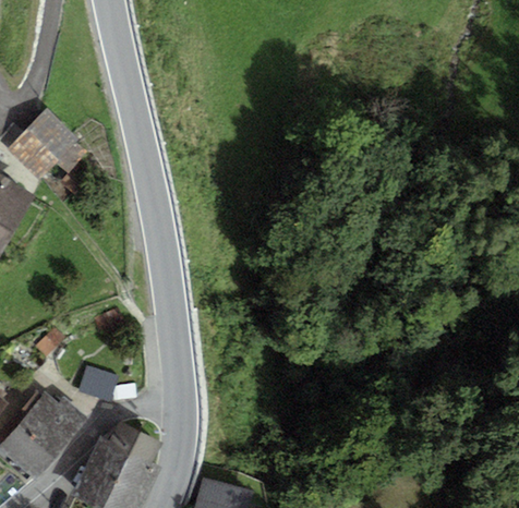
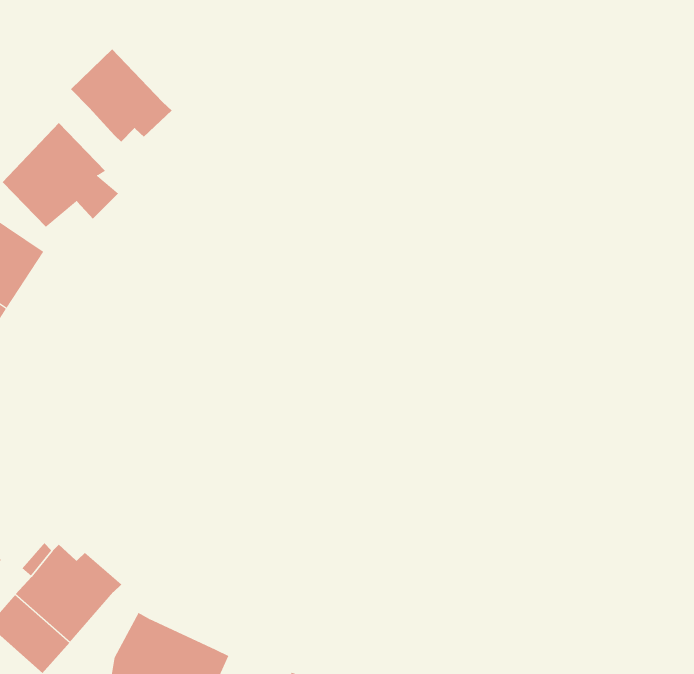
building: none -> [70,48,172,142]
building: [76,365,117,402] -> none
building: [106,422,160,463] -> none

